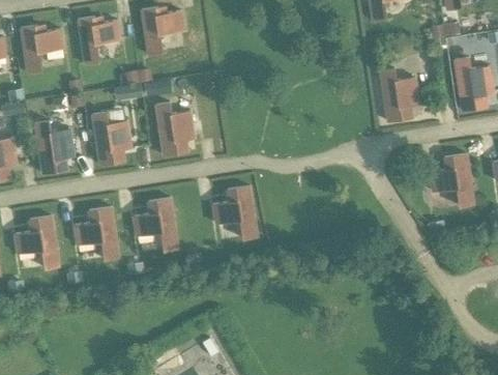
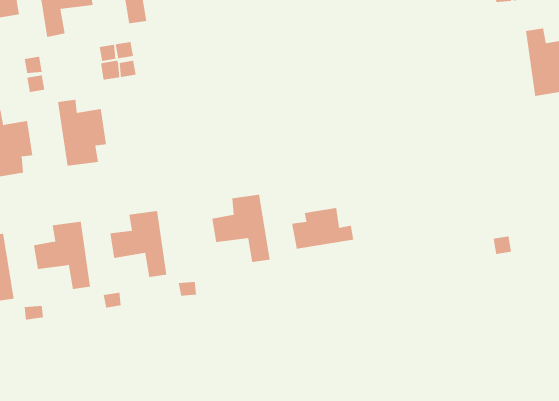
building: [379,69,418,122] -> none
building: [154,103,194,155] -> none
building: [429,154,473,207] -> none
building: none -> [292,207,354,250]

